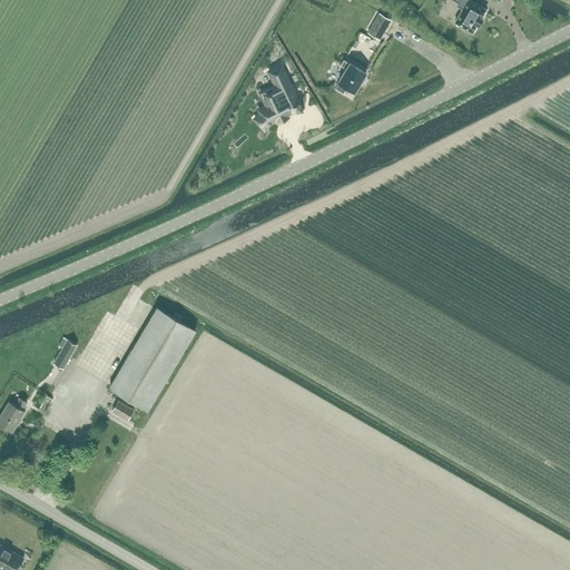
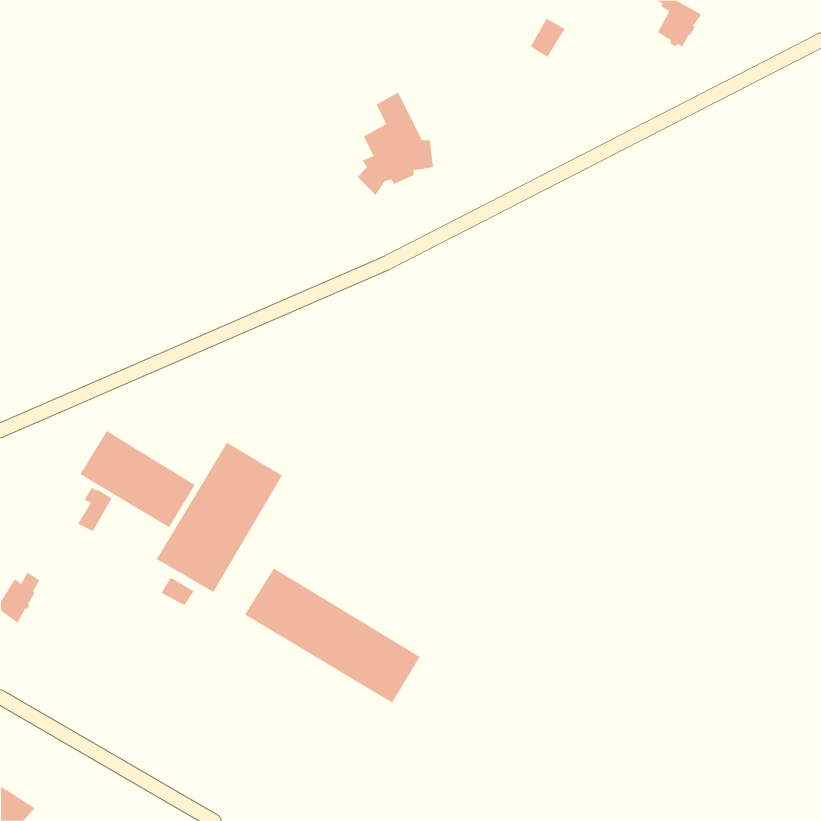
building: [335,59,366,94] -> none
building: none -> [80,430,196,528]
building: none -> [244,568,420,704]

